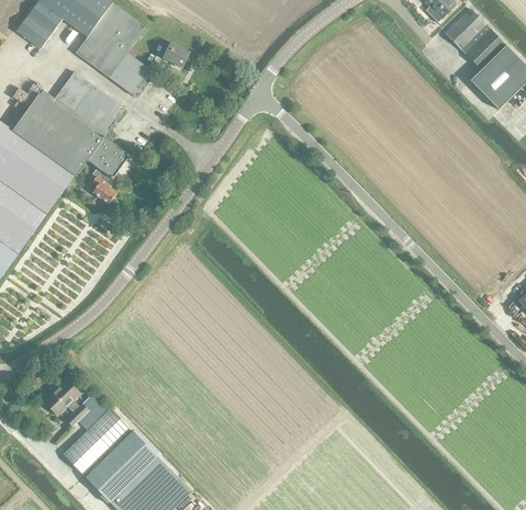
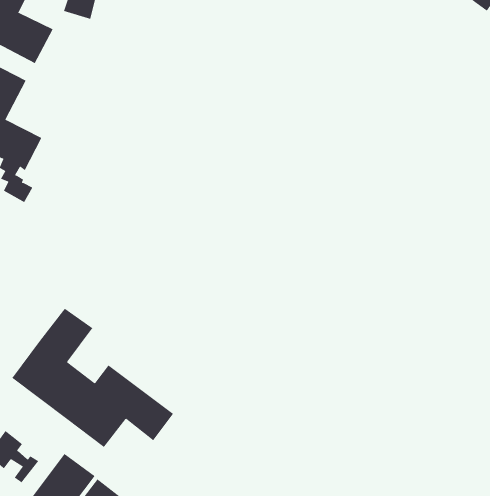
building: none -> [12,308,174,448]

